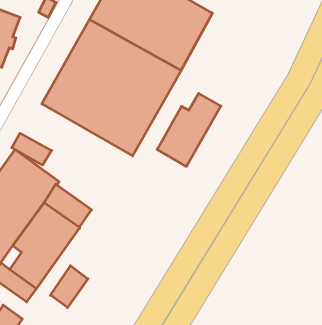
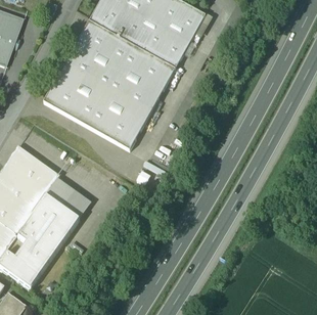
building: [157,93,221,166] -> none
building: [12,133,52,165] -> none
building: [50,266,88,308] -> none

